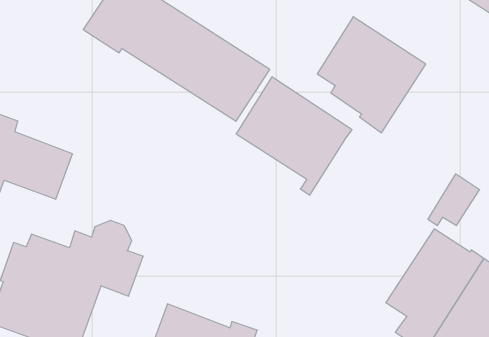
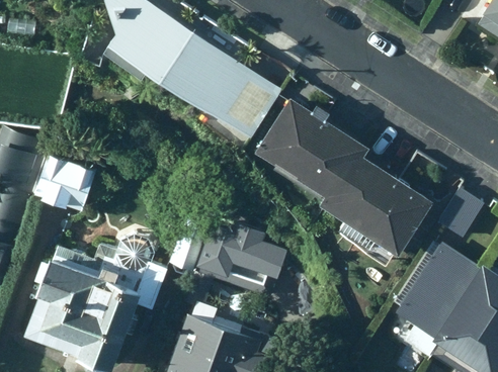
building: [317,17,426,133] -> [324,155,428,266]
building: none -> [170,215,290,310]

